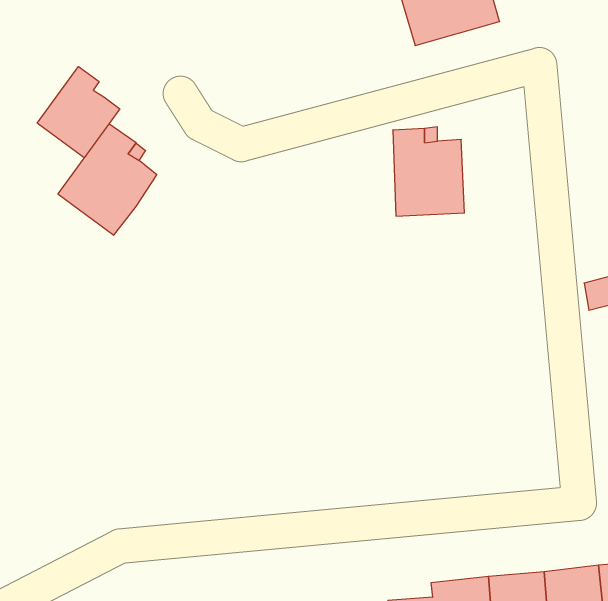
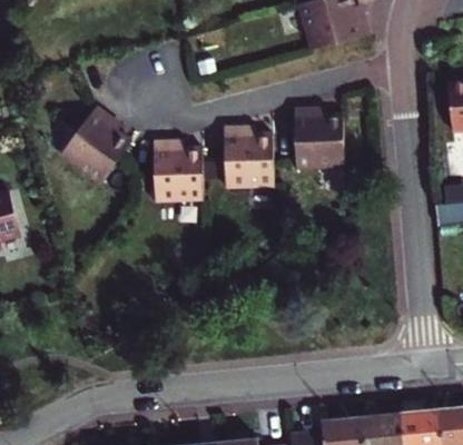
building: [37,67,120,158] -> none
building: none -> [225,125,274,186]
building: none -> [150,139,201,201]

